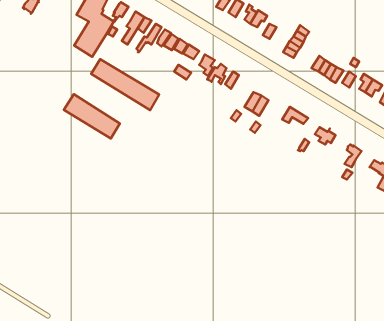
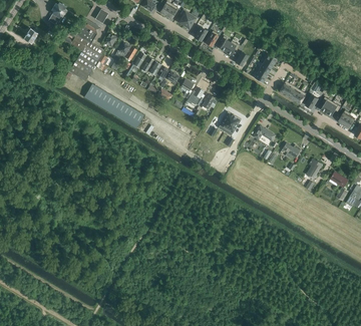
building: [64,94,120,139] -> none

